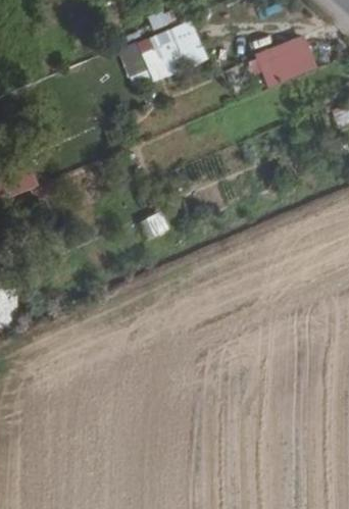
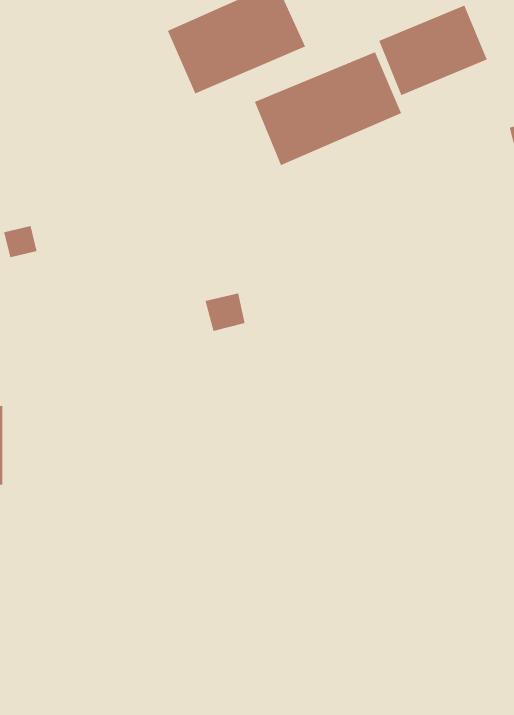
building: none -> [254,51,402,166]

